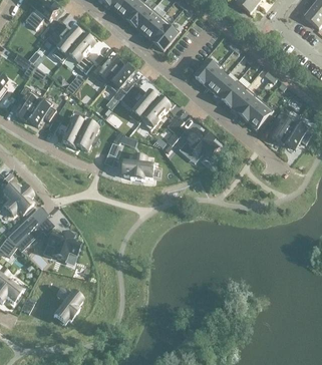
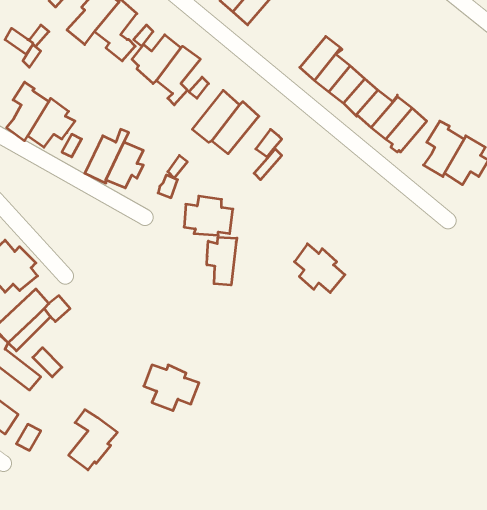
building: [188,128,219,158] -> [294,244,345,293]
building: none -> [207,237,237,285]
building: [46,232,80,260] -> [144,365,199,411]

